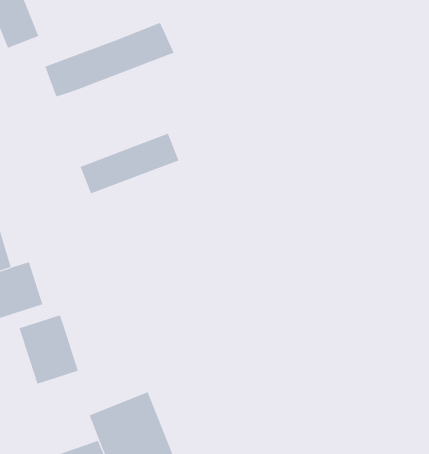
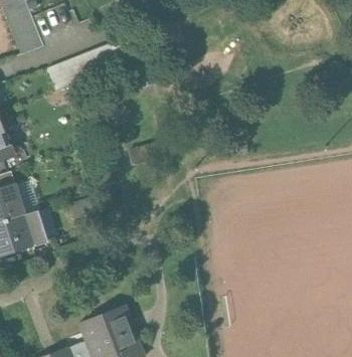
building: [80,133,179,194] -> none
building: [19,314,79,384] -> none

